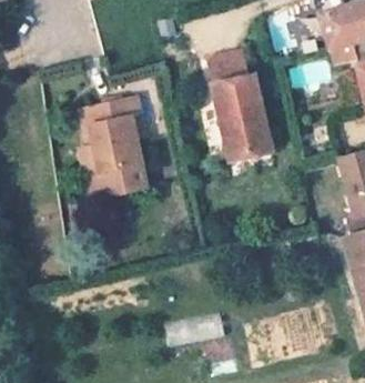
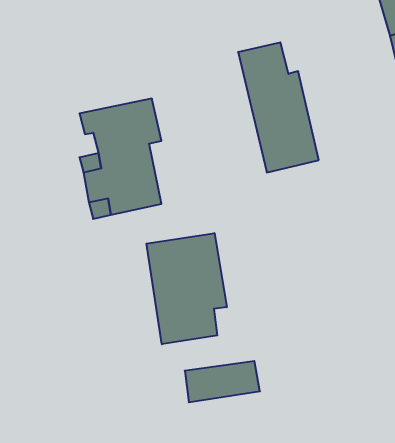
building: none -> [146,233,227,344]

